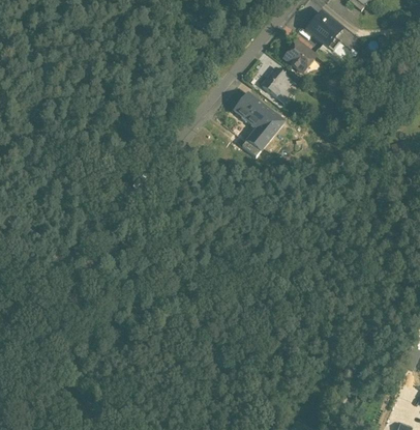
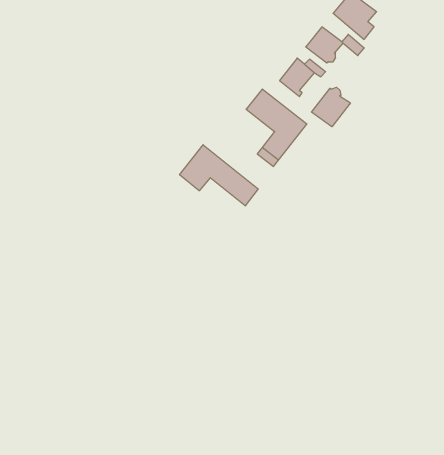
building: none -> [311,87,350,127]
building: none -> [180,145,258,206]

